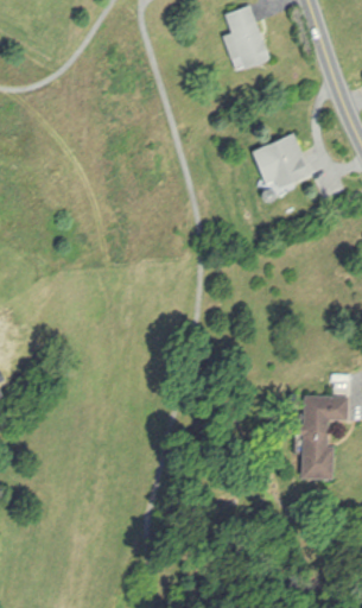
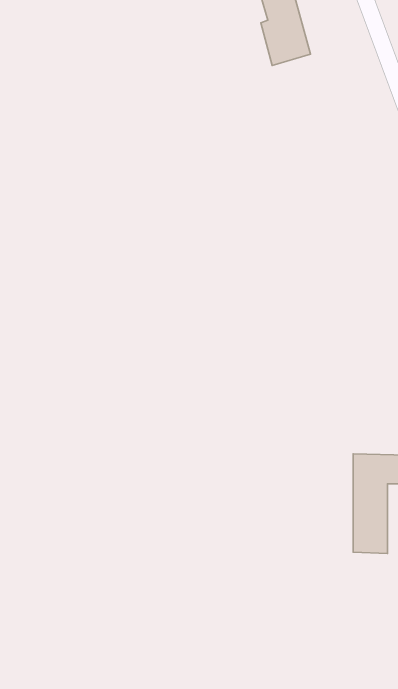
building: [255,134,307,189] -> none

